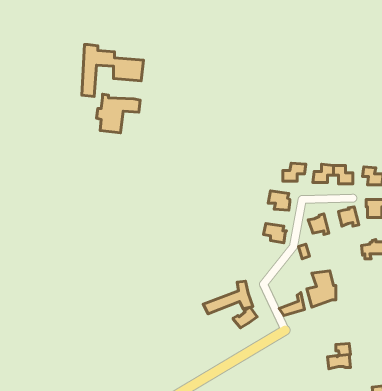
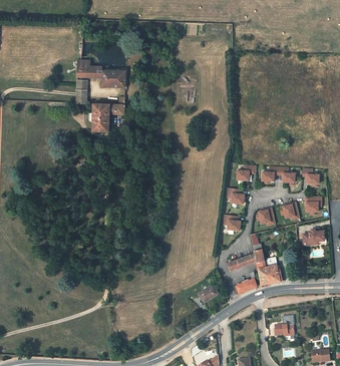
building: [203,281,253,314] -> [224,246,265,273]

